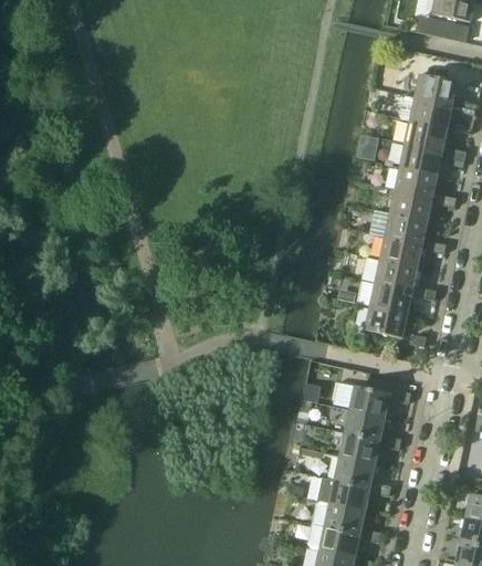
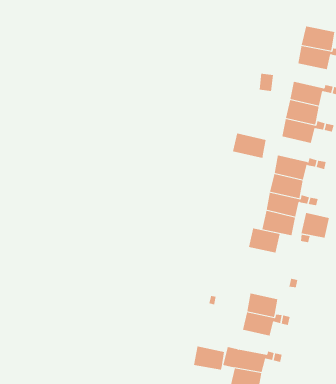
building: [402,123,446,154] -> none
building: [383,214,426,247] -> [232,133,267,158]
building: none -> [301,212,330,239]
building: [348,387,389,419] -> [248,228,281,253]
building: [334,458,374,489] -> [193,346,225,370]

